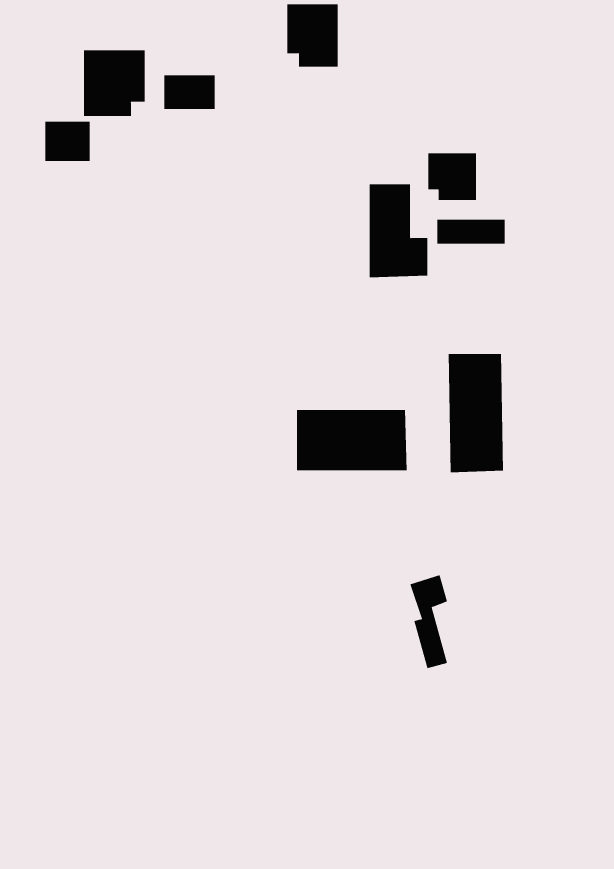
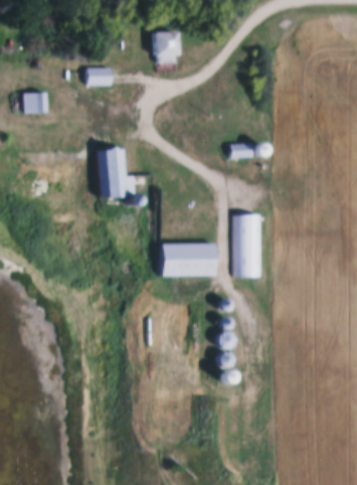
building: [83,49,145,117] -> none
building: [428,152,477,201] -> none
building: [369,184,428,278] -> [102,149,133,198]

